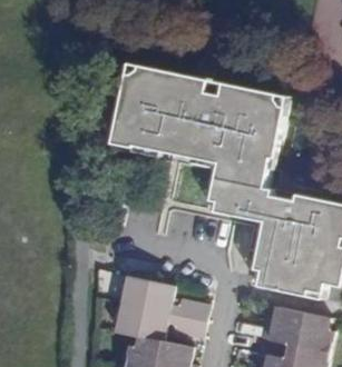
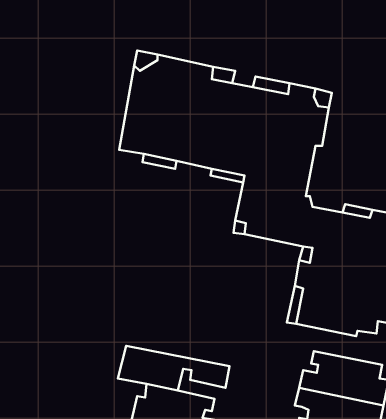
building: [118,277,206,320] -> none

